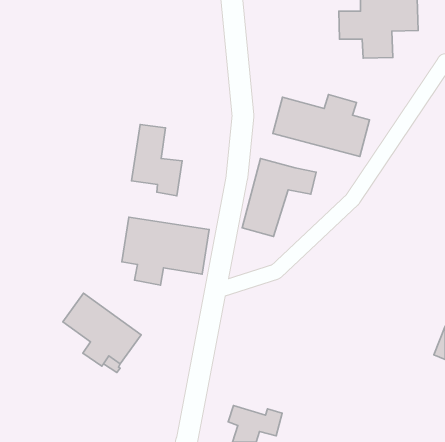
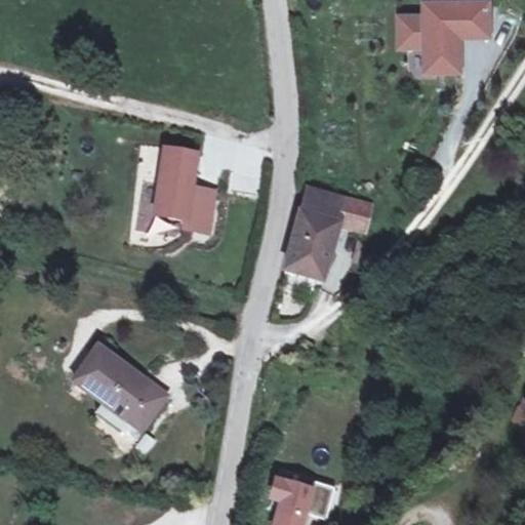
building: [273,94,369,156] -> none
building: [122,217,209,285] -> none

